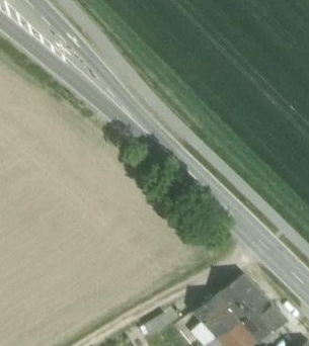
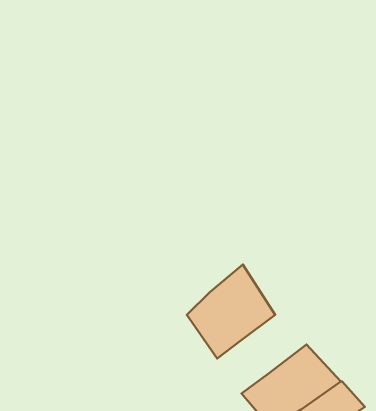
building: none -> [187,265,275,358]

